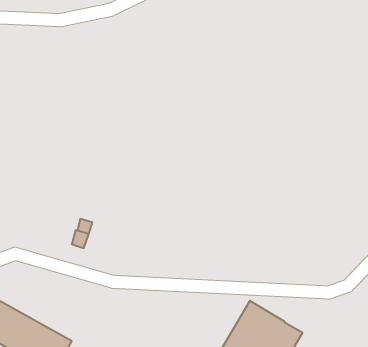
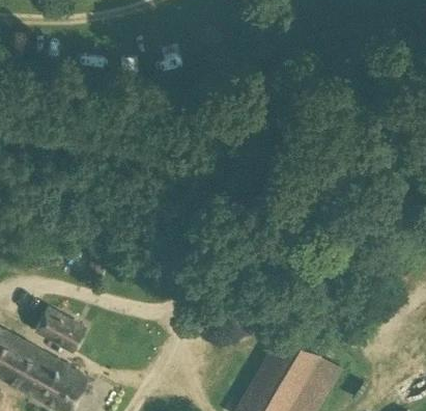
building: none -> [35,308,84,351]

